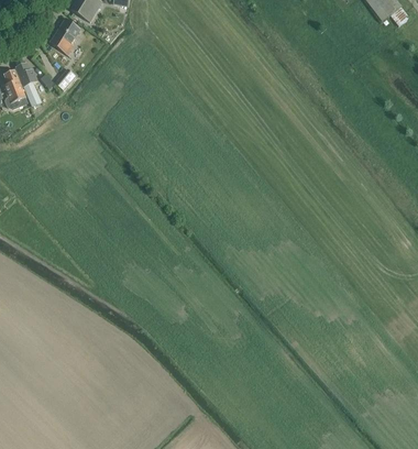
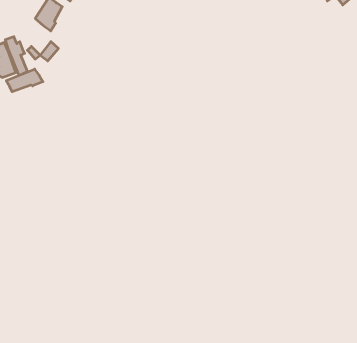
building: none -> [6,69,43,92]

